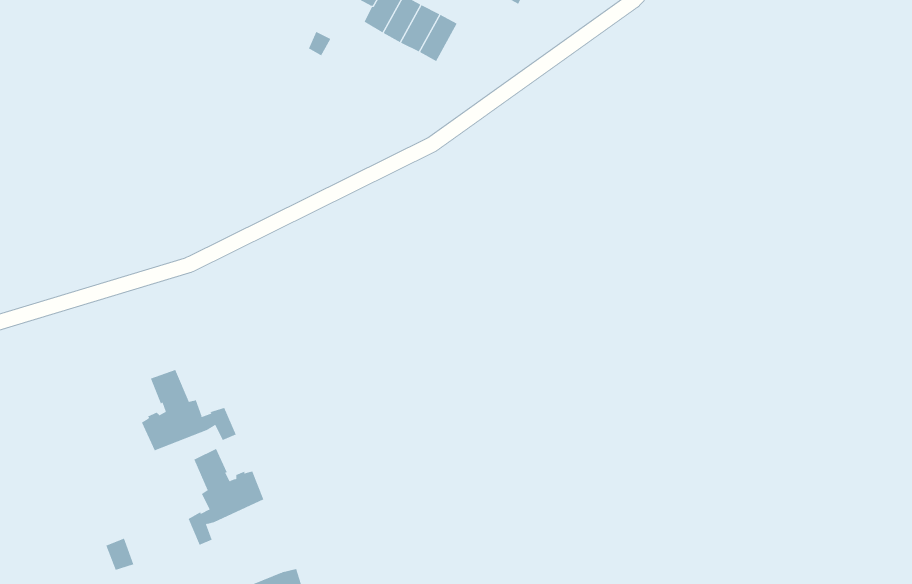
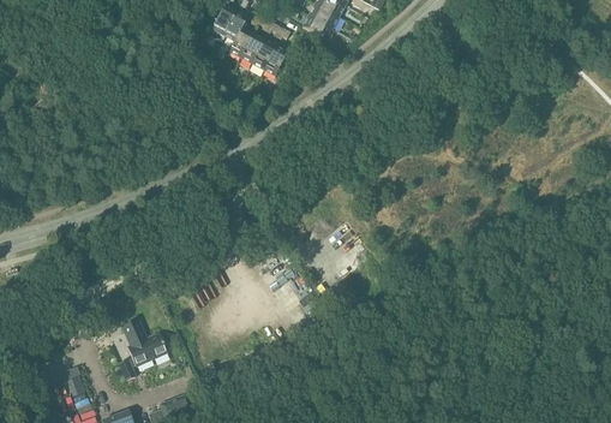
building: [141,369,237,451] -> none

